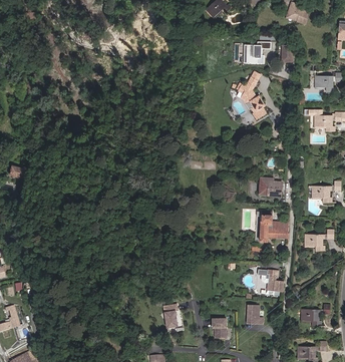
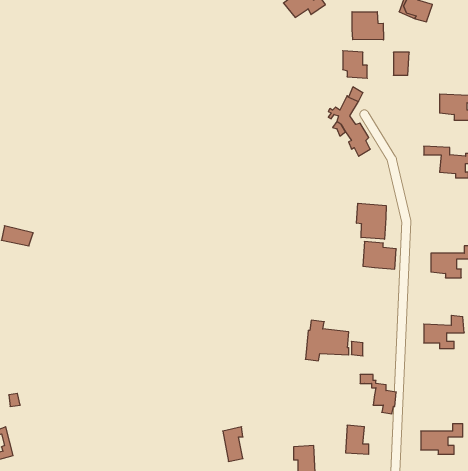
building: none -> [352,12,383,40]
building: none -> [357,203,386,239]
building: [258,215,288,243] -> [305,320,349,361]

